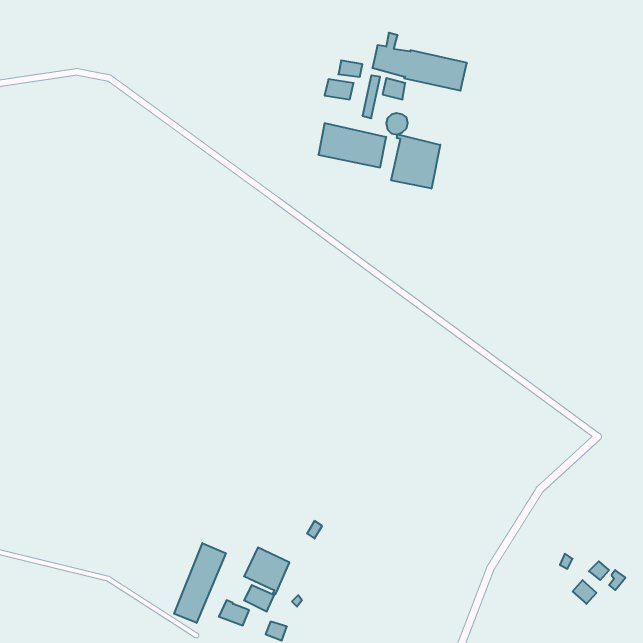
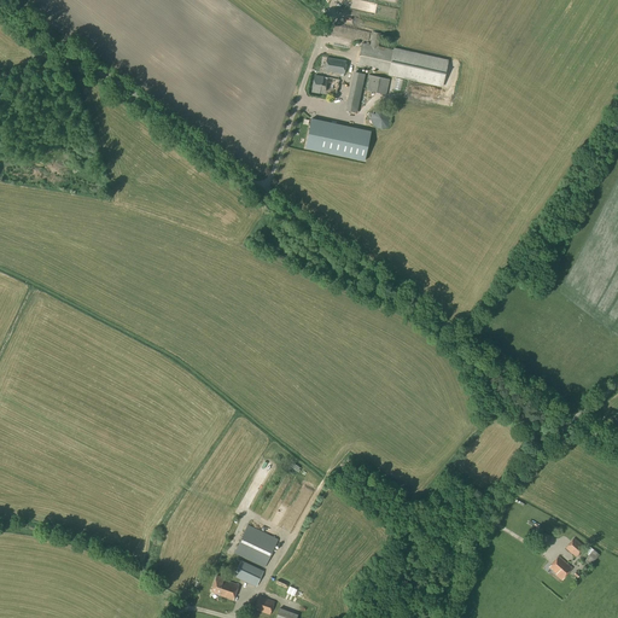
building: [391,135,440,189] -> none
building: [174,543,226,623] -> none

